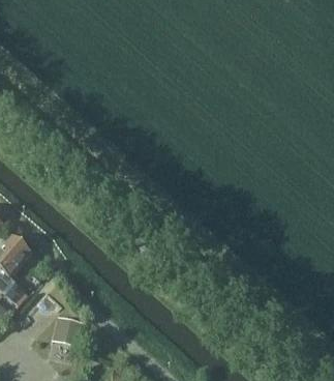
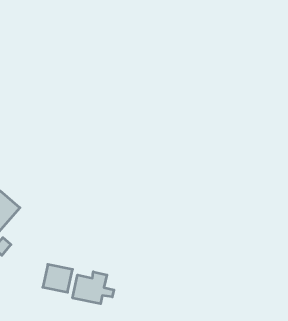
building: none -> [73,272,114,304]

